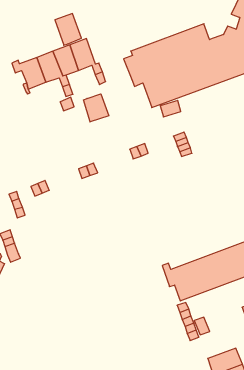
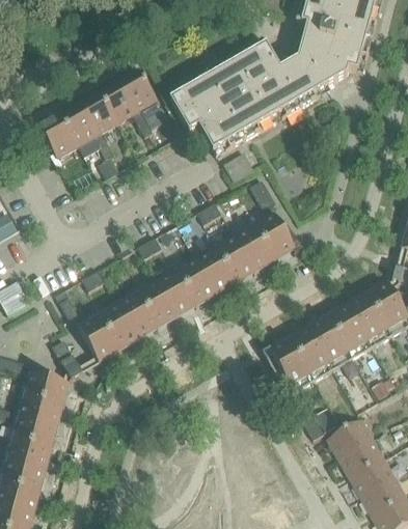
building: [55,14,81,45] -> [119,74,157,115]
building: [83,94,109,122] -> none
building: none -> [79,217,302,360]
building: none -> [327,421,373,461]

